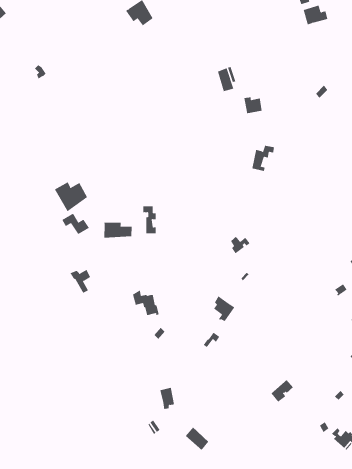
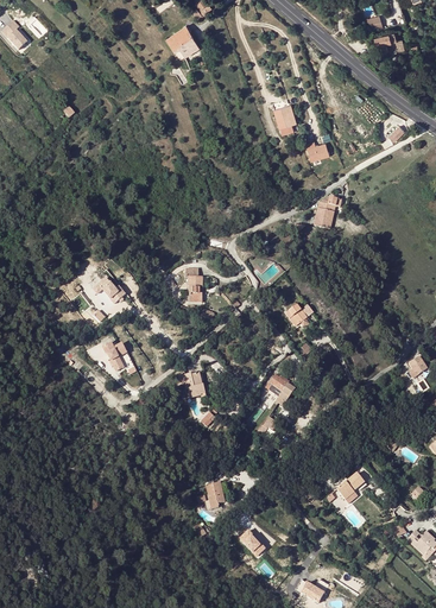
building: [54,182,88,212] -> none
building: [104,222,132,238] -> none

